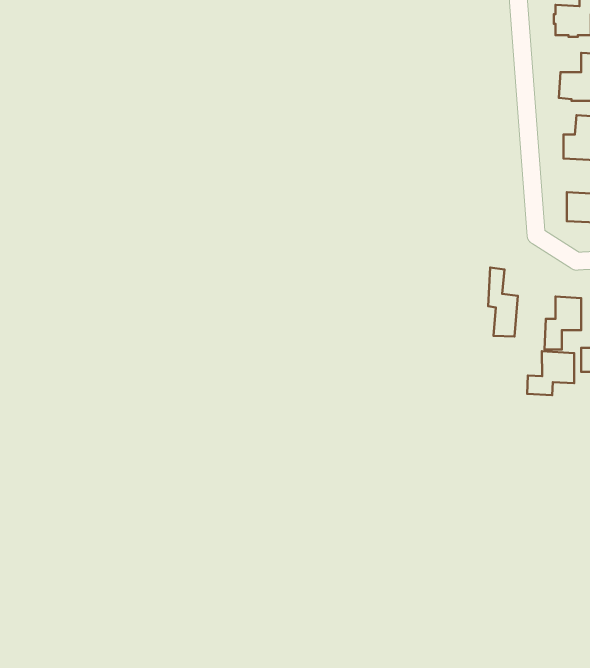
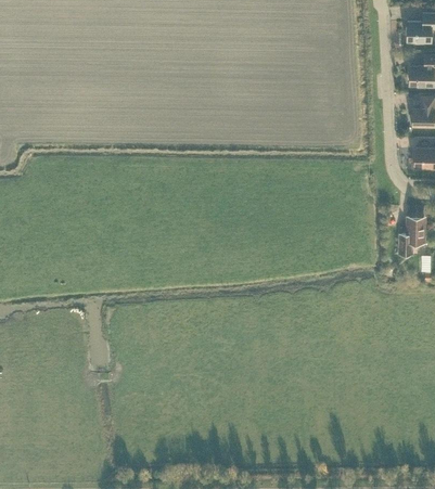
building: [488,268,518,337] -> none
building: [527,351,574,395] -> none

